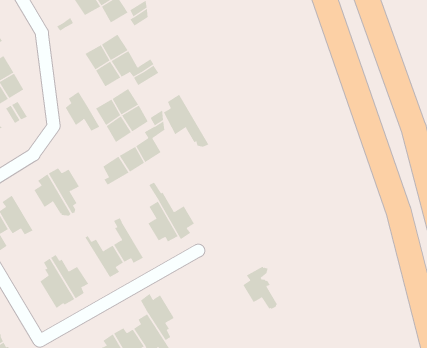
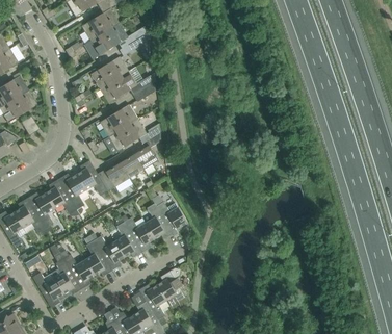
building: none -> [84,31,113,58]
building: [65,91,100,132] -> [77,159,108,195]
building: [163,94,209,148] -> none
building: none -> [27,191,55,228]
building: none -> [122,212,155,252]
building: none -> [84,234,112,276]
building: [242,266,278,310] -> [157,267,188,306]
building: none -> [32,272,66,307]

